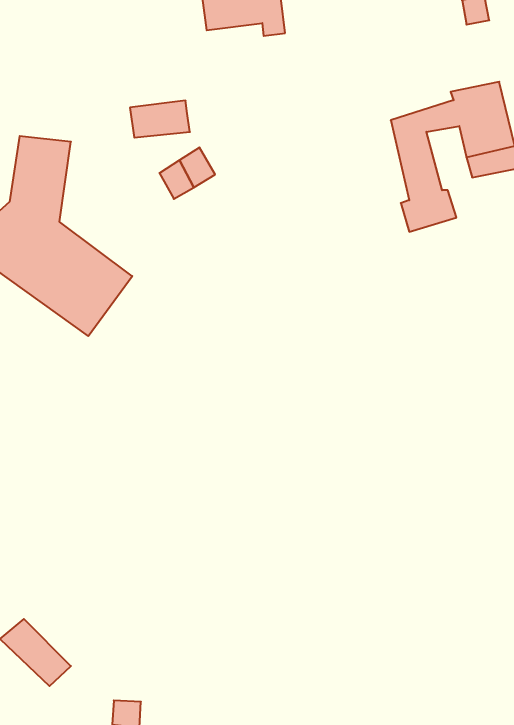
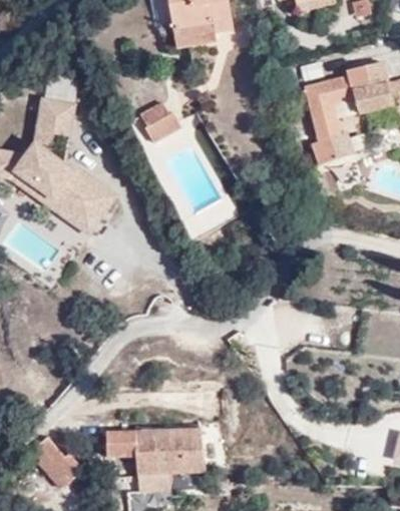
building: [130,101,190,138] -> [174,18,217,44]
building: none -> [109,429,208,494]

